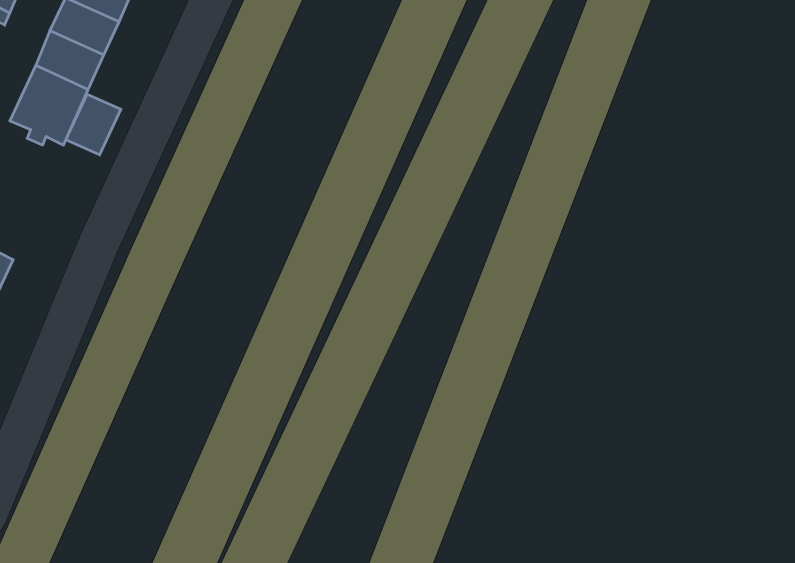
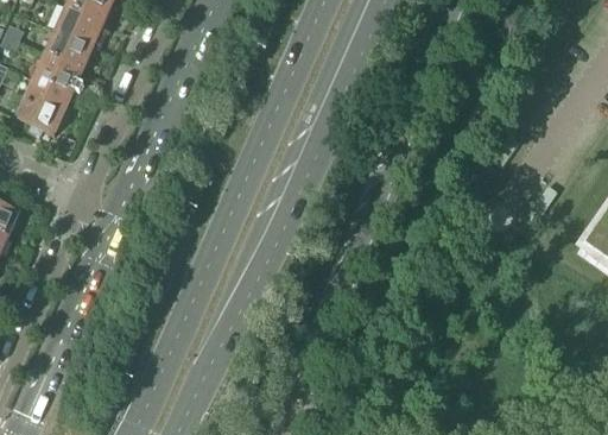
building: [66,94,121,155] -> none

